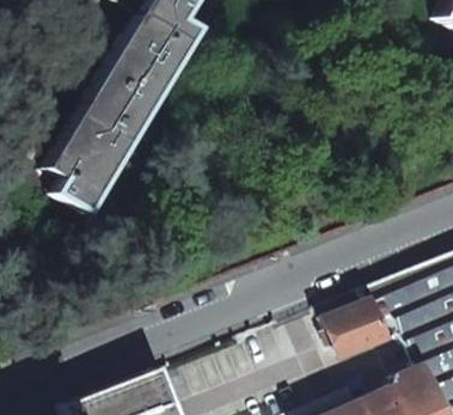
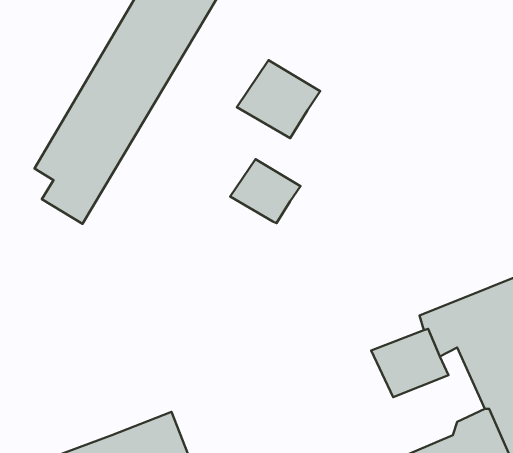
building: none -> [237,60,320,138]
building: none -> [230,159,300,223]

